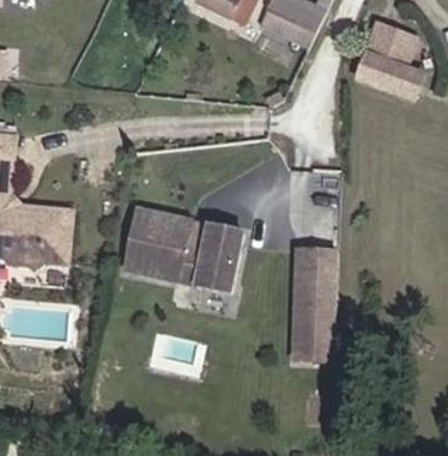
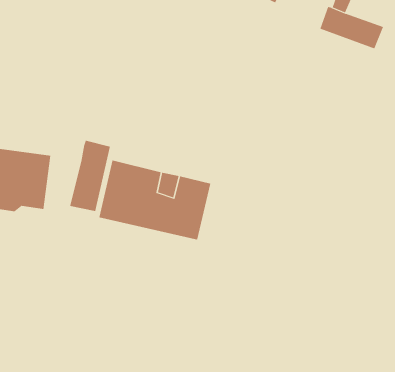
building: none -> [70,140,111,212]
building: [290,257,335,366] -> none

